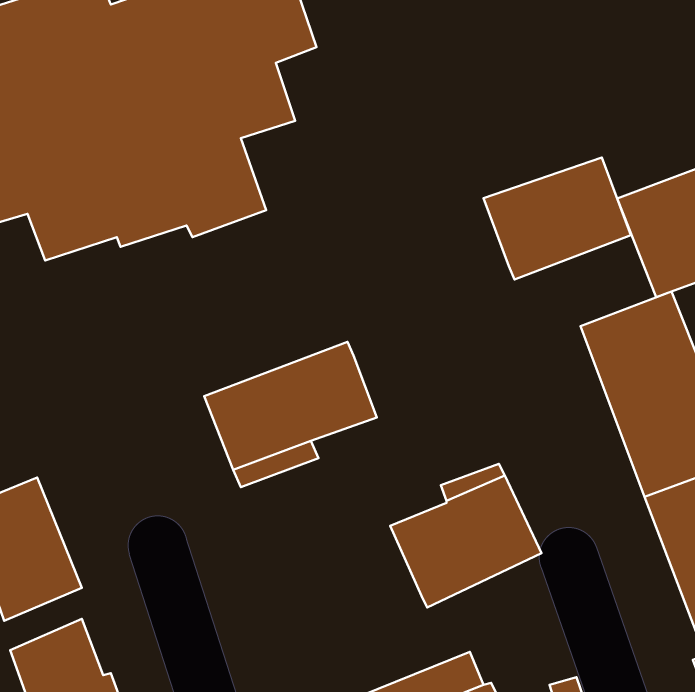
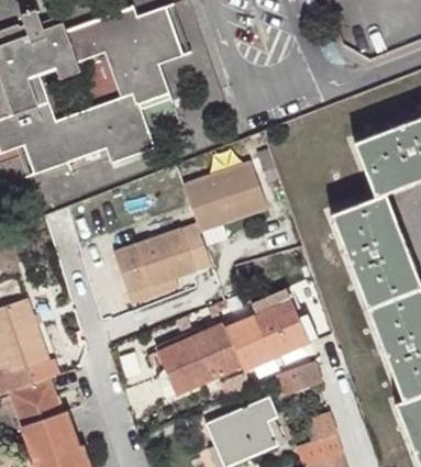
building: [483,158,631,280] -> [185,160,268,230]
building: none -> [157,322,241,394]
building: none -> [275,362,322,396]

